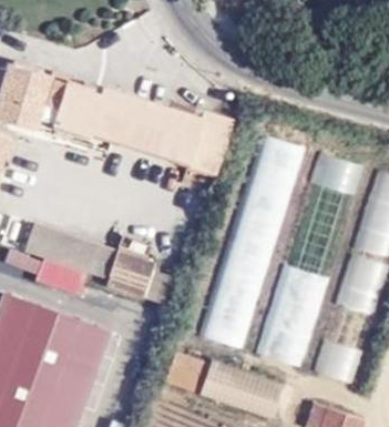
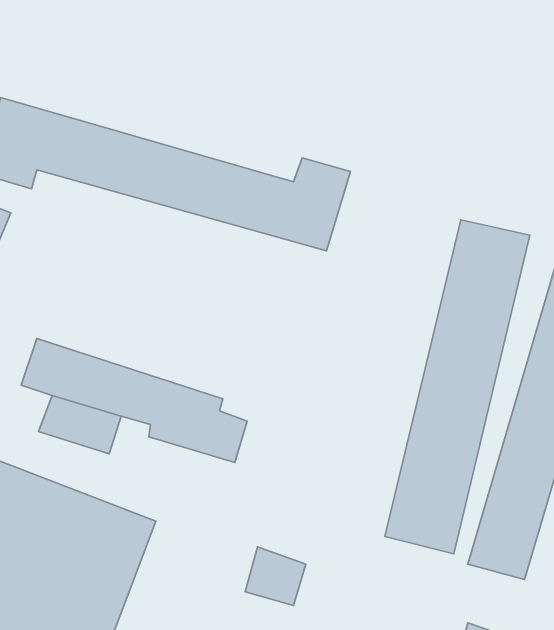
building: [196,126,298,342] -> none

